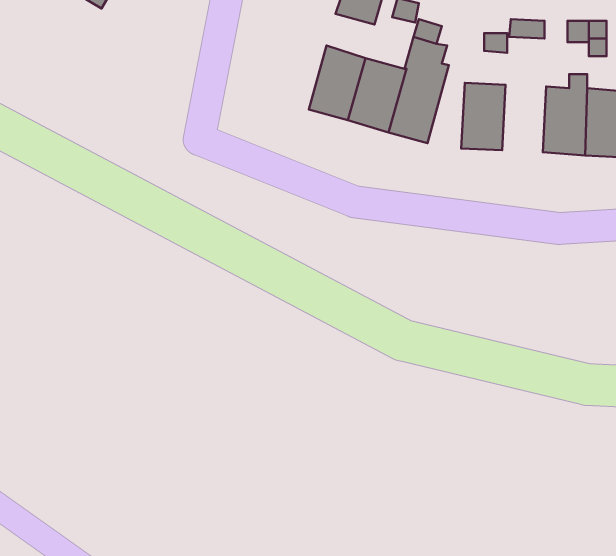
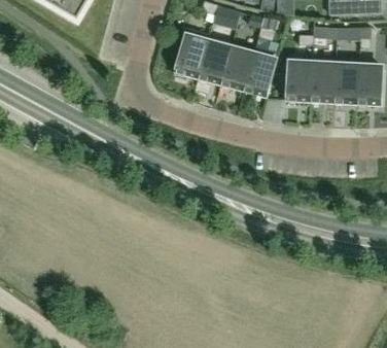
building: none -> [173,27,209,77]
building: none -> [309,55,336,102]

